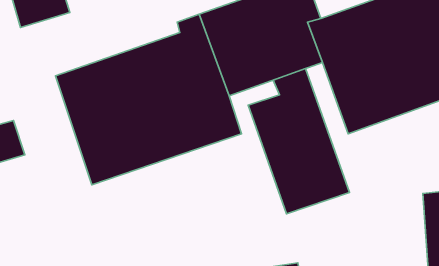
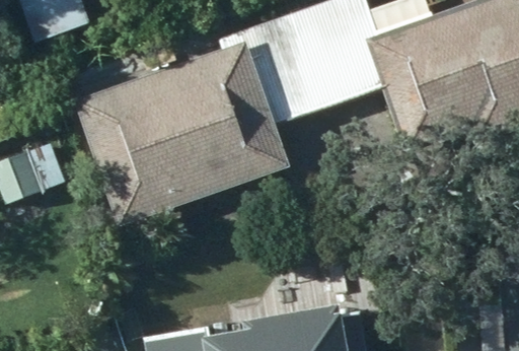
building: [248,69,350,214] -> none

